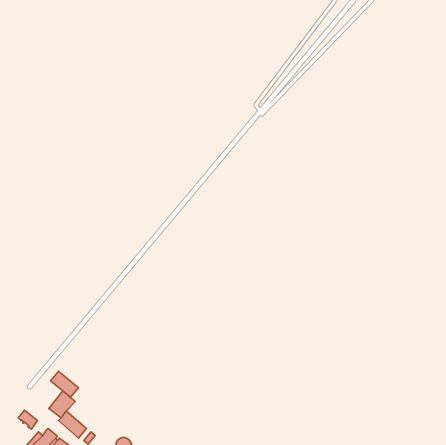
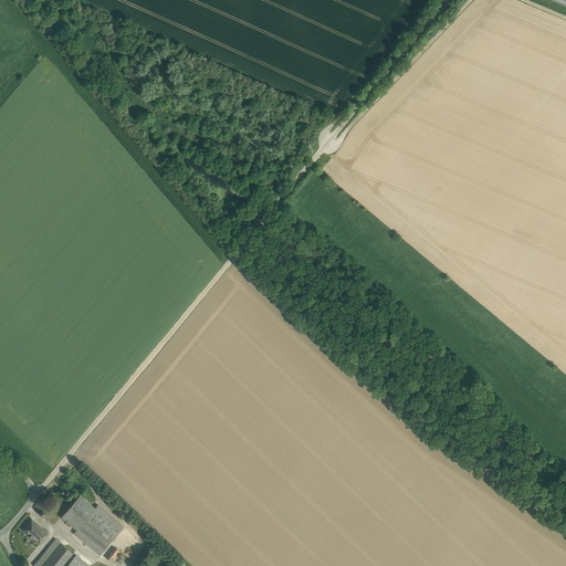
building: [50,371,78,397] -> [87,506,123,539]

